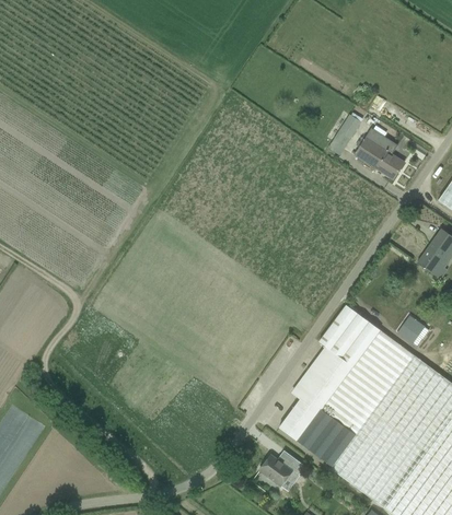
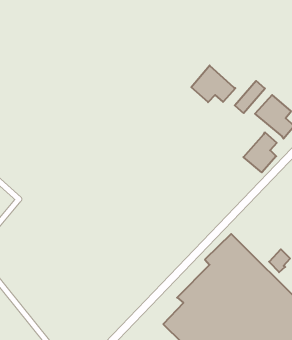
building: none -> [191,65,235,102]
building: none -> [243,132,277,172]

